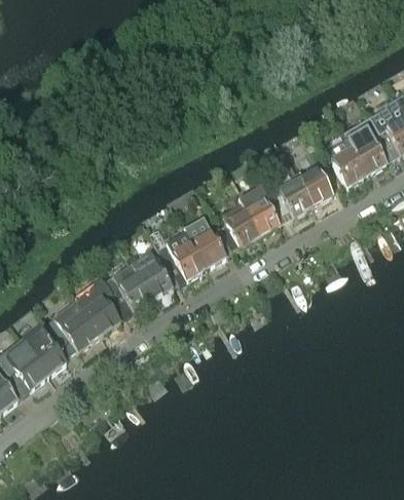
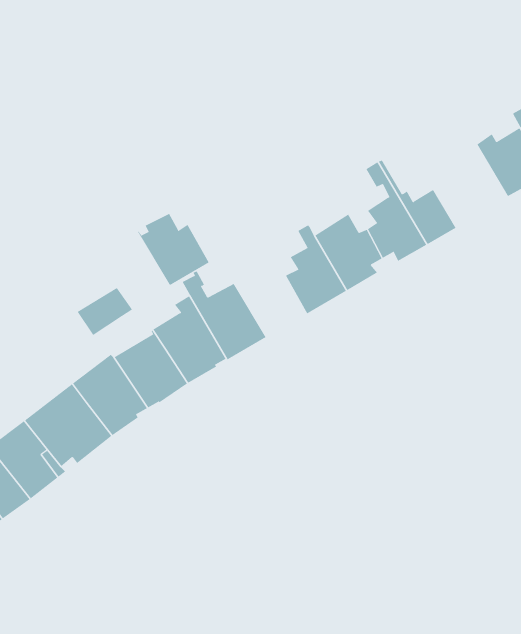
building: [326,139,366,185] -> none
building: [184,219,232,267] -> [137,213,210,286]
building: none -> [77,287,133,336]

